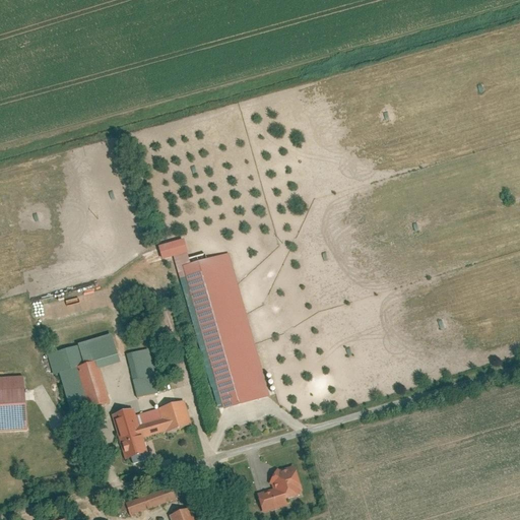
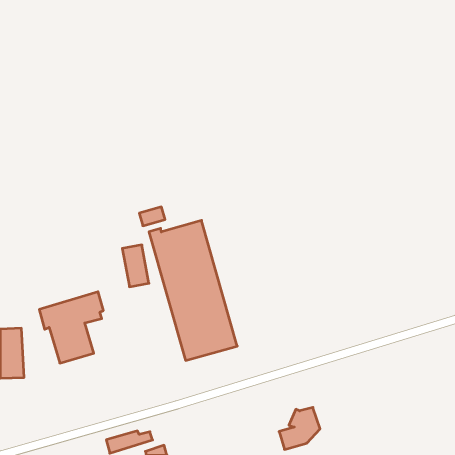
building: [127,348,157,396] -> [122,245,149,287]
building: [111,400,191,459] -> none
building: [258,464,305,512] -> [279,407,320,449]

